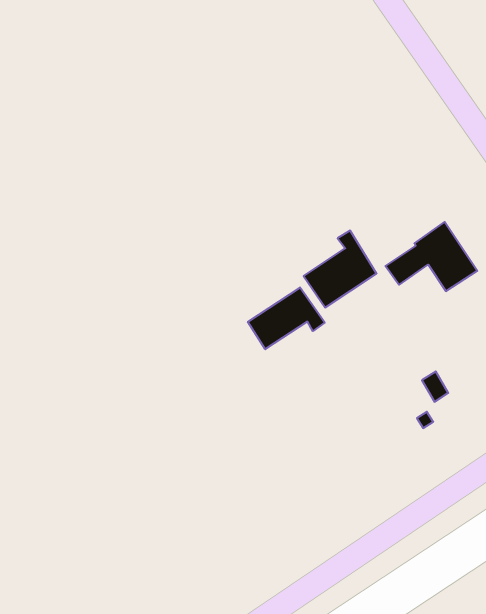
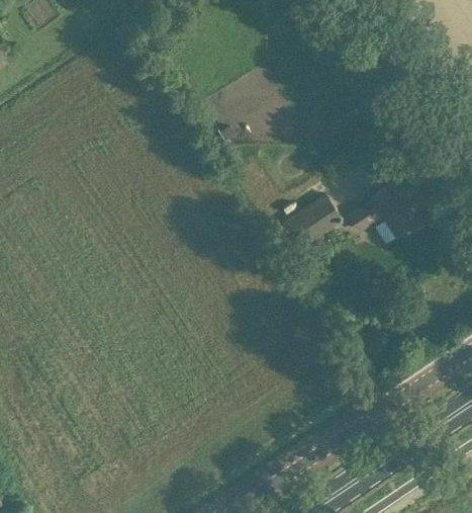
building: [248,287,325,349] -> none

